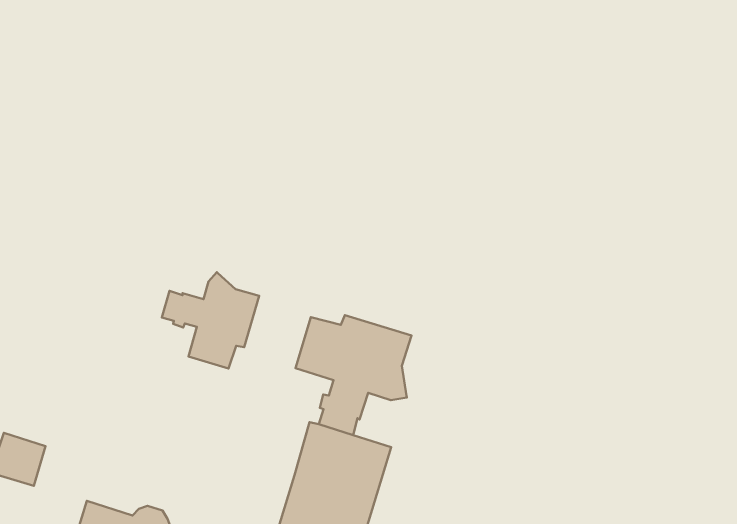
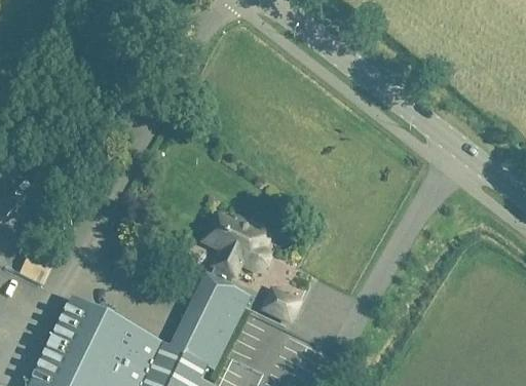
building: [162,272,259,368] -> none

